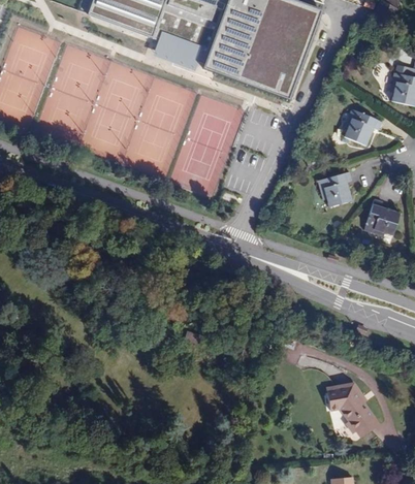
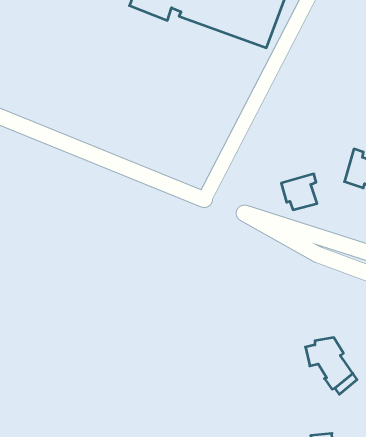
building: [343,107,381,144] -> none
building: [317,170,352,205] -> [281,174,317,210]

